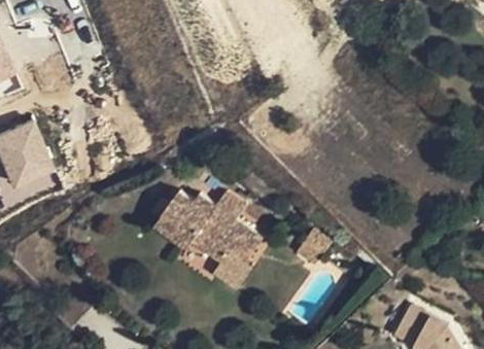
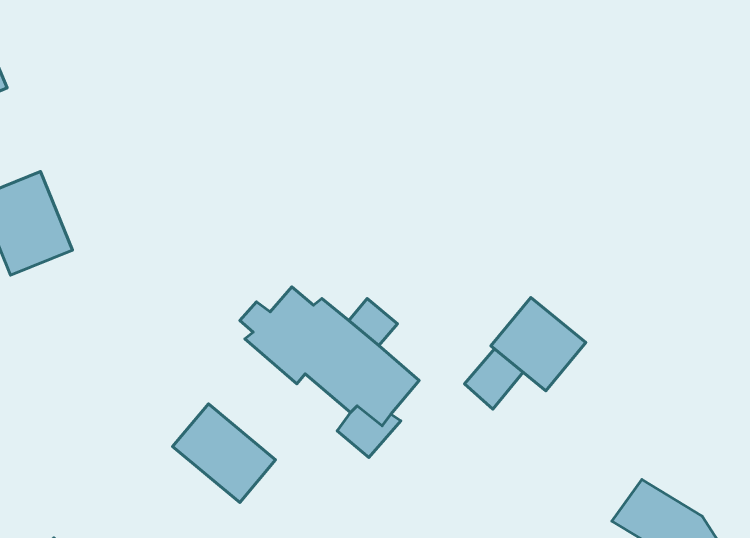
building: none -> [491,297,586,391]
building: none -> [173,404,276,502]

